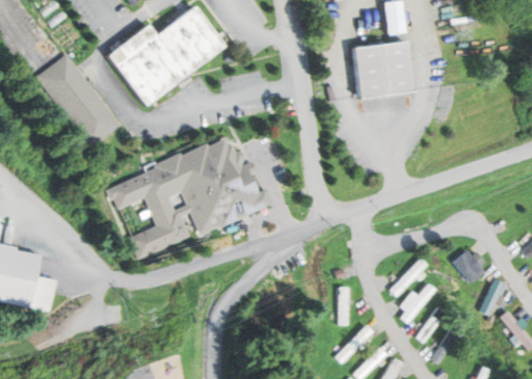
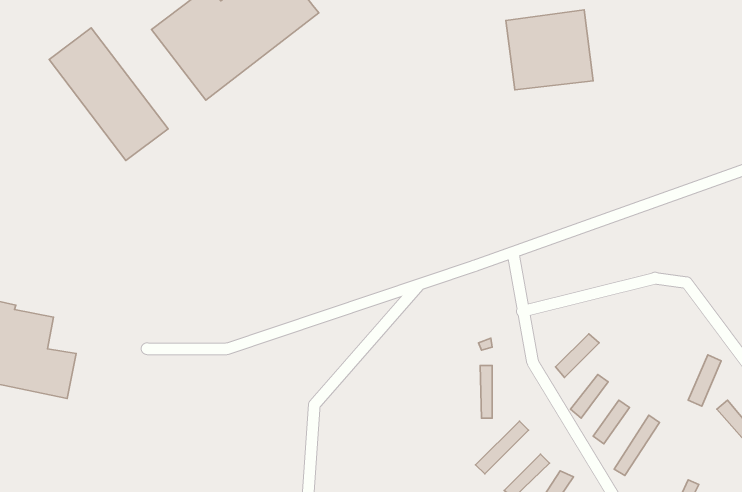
building: [109,141,263,256] -> none
building: [452,250,482,281] -> none

